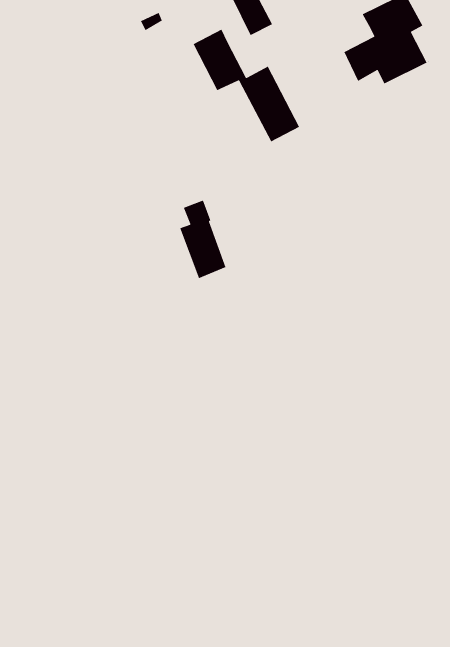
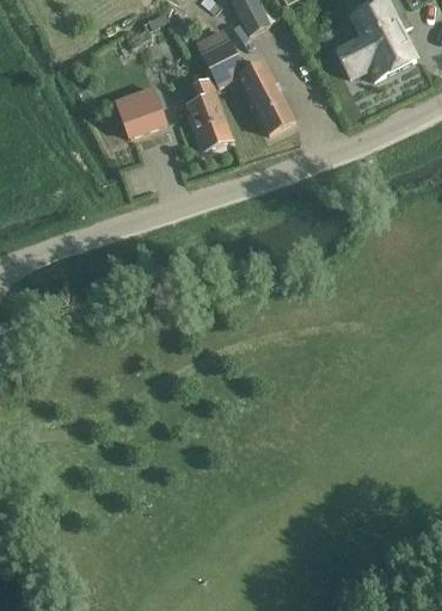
building: none -> [112,87,165,141]
building: [179,200,227,279] -> [186,75,231,149]

